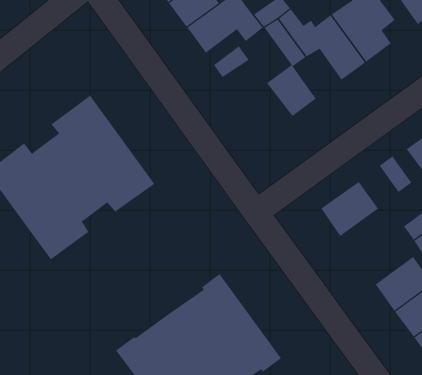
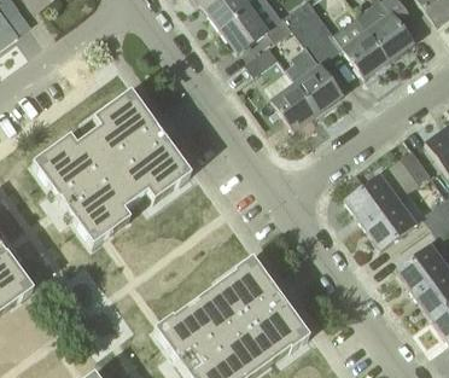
building: none -> [269,81,317,130]
building: none -> [362,198,416,250]

